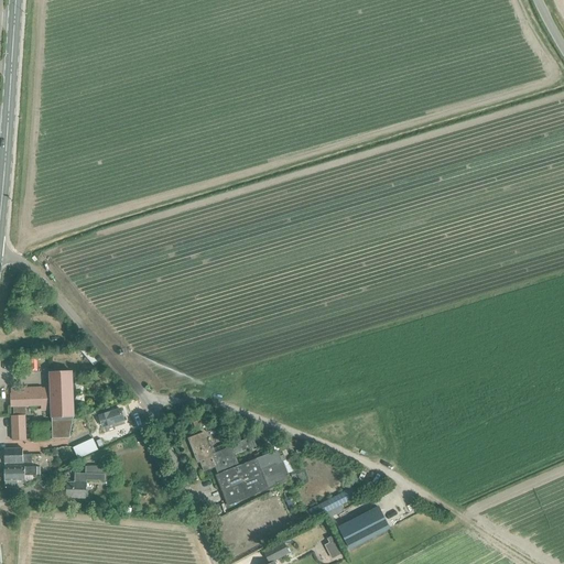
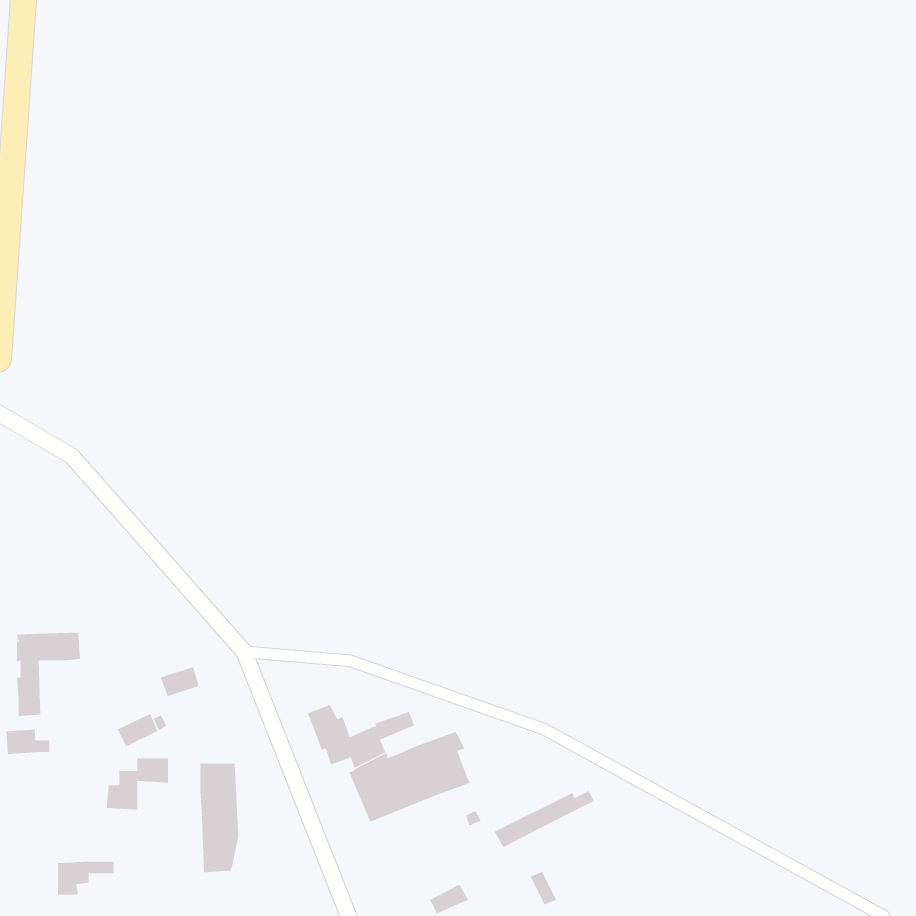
building: [48,371,73,438] -> [200,763,239,873]
building: [4,466,40,487] -> [57,861,115,895]
building: [337,507,388,547] -> none

